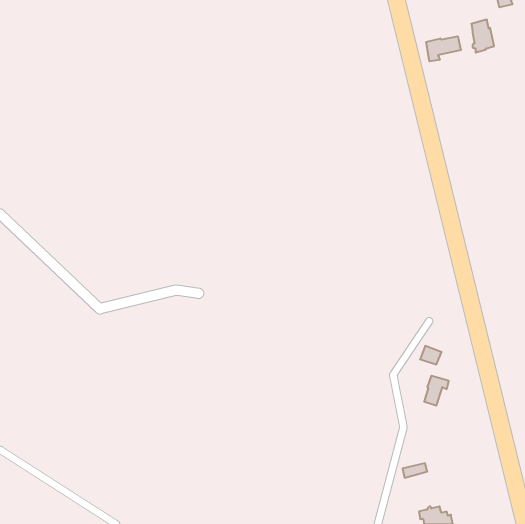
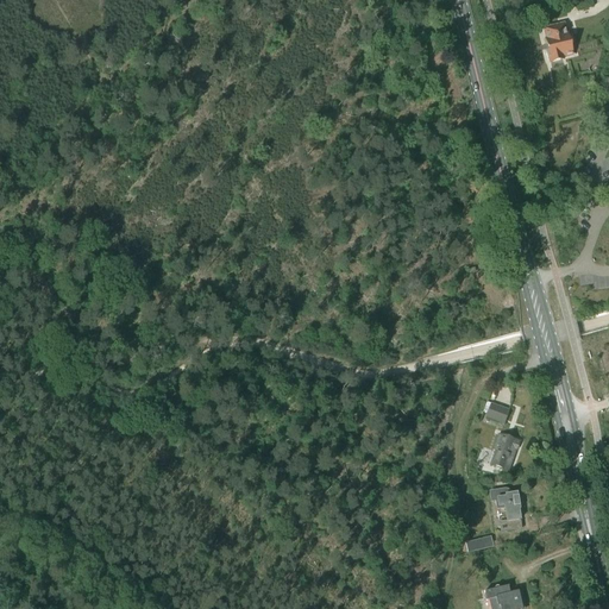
building: [426,36,461,61] -> none
building: none -> [486,488,522,530]

